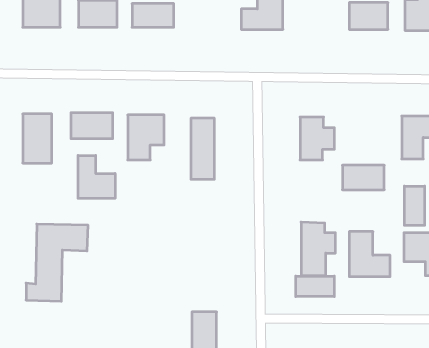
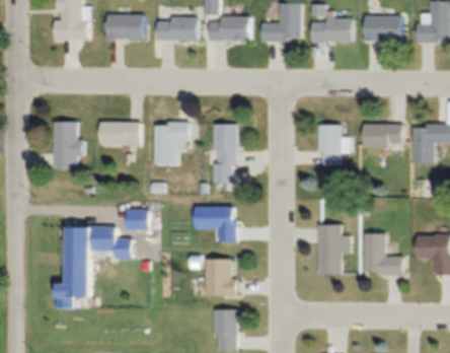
building: none -> [209,18,249,41]
building: none -> [311,19,353,43]
building: [78,155,115,198] -> none
building: [342,165,384,190] -> [363,125,402,148]
building: [404,186,425,225] -> none
building: none -> [195,207,236,241]
building: none -> [205,260,236,296]
building: [296,276,334,297] -> none

